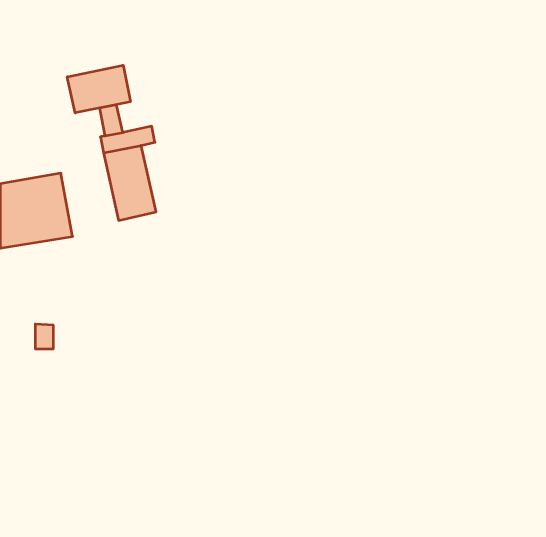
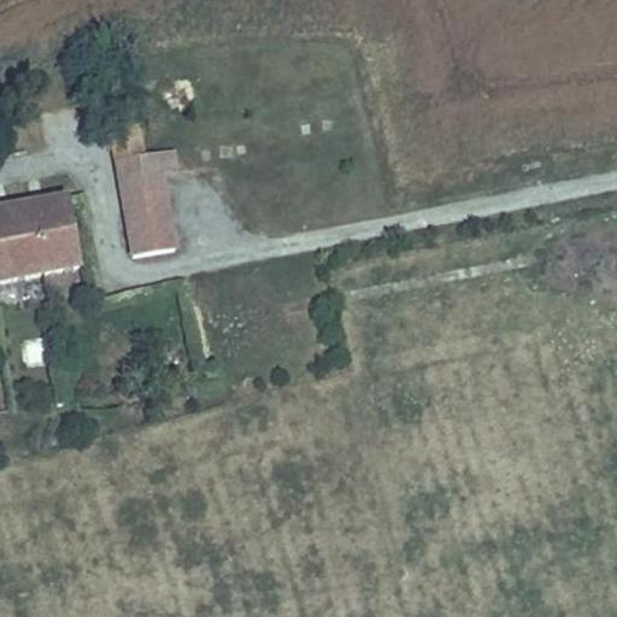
building: [67,65,130,113] -> none

